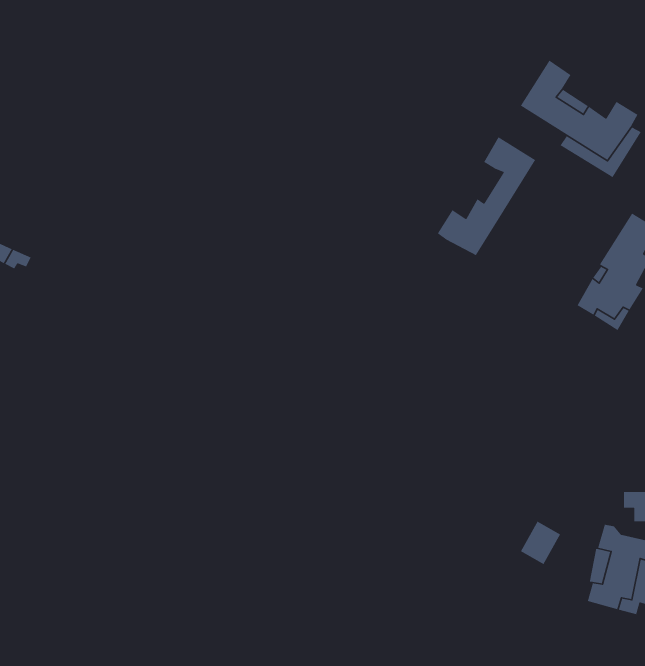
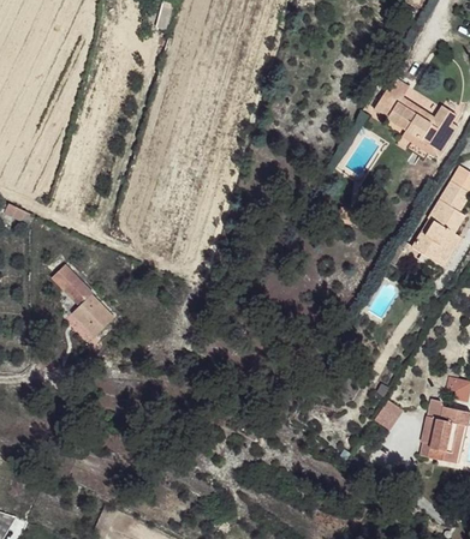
building: [437,136,536,256] -> none
building: none -> [64,276,112,335]

